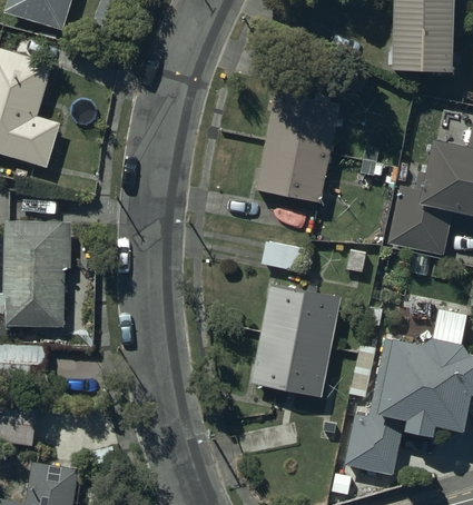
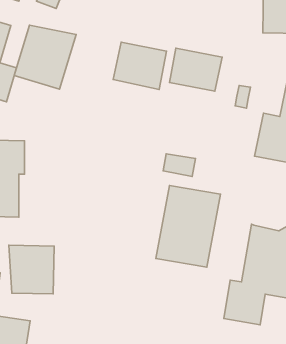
building: none -> [14,25,76,89]
building: [258,142,332,207] -> [113,42,167,89]
building: none -> [9,245,54,294]

